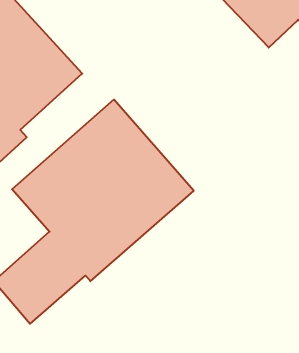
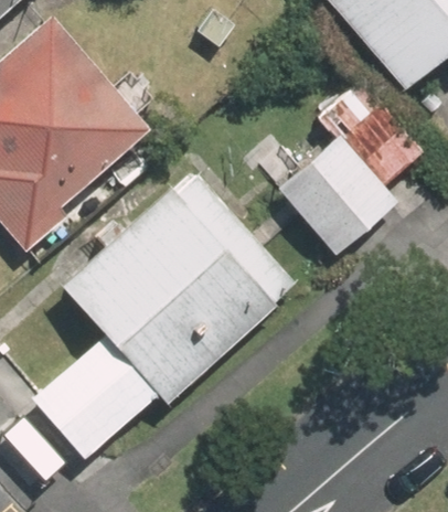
building: none -> [278,77,433,257]

